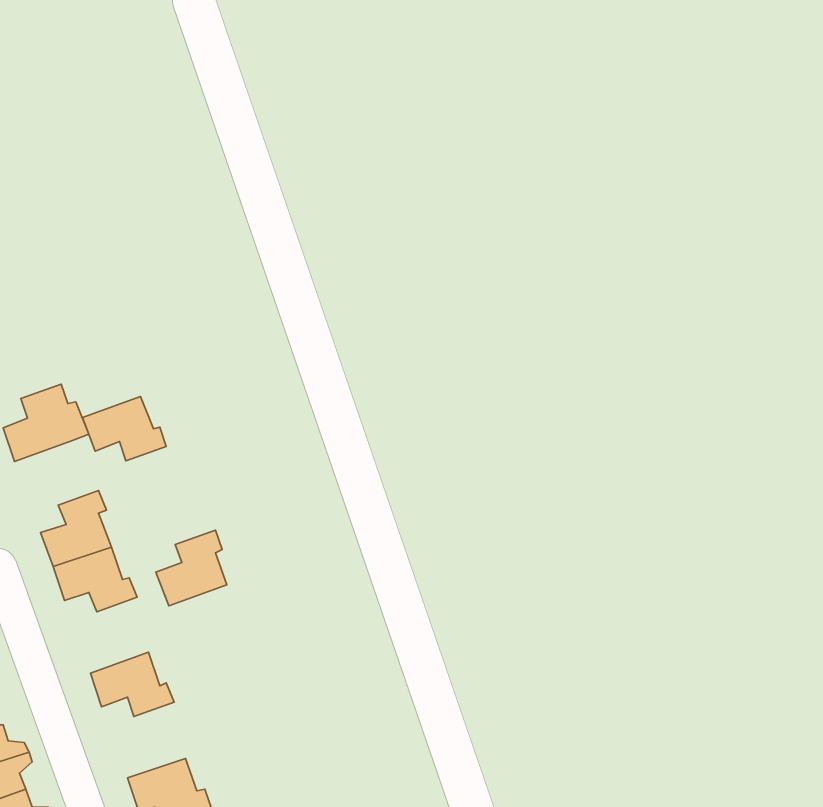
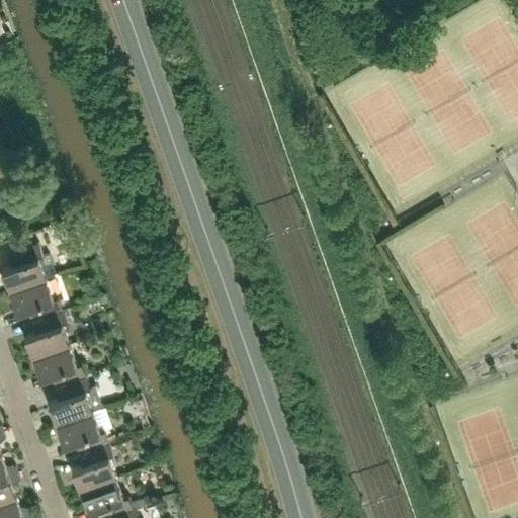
building: [82,396,166,461] -> [9,287,62,328]
building: [156,530,227,606] -> [49,385,93,433]
building: none -> [72,451,116,499]

